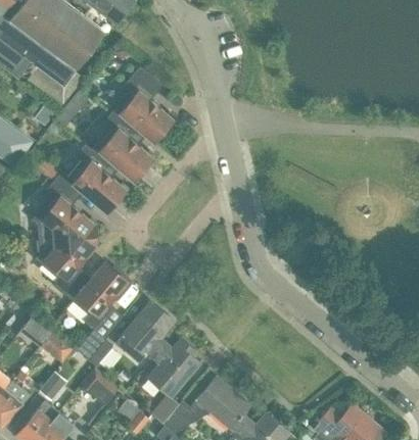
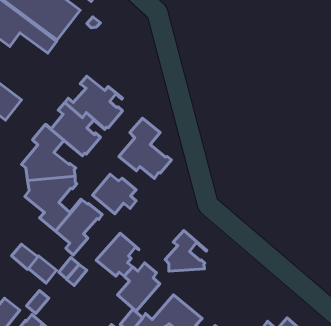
building: [110,68,174,141] -> [119,118,171,178]
building: none -> [93,174,136,214]
building: none -> [165,230,207,271]
building: [80,369,115,403] -> none

